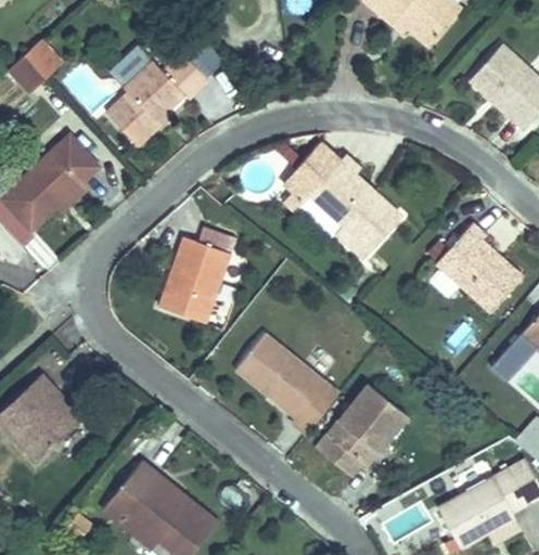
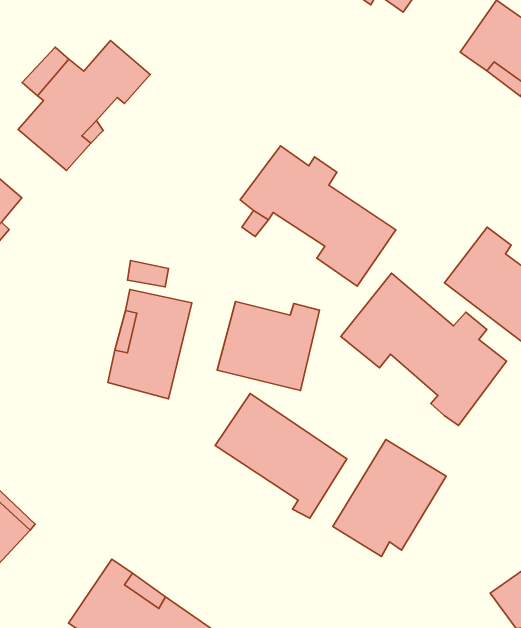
building: none -> [341,273,506,425]
building: none -> [217,301,319,390]

